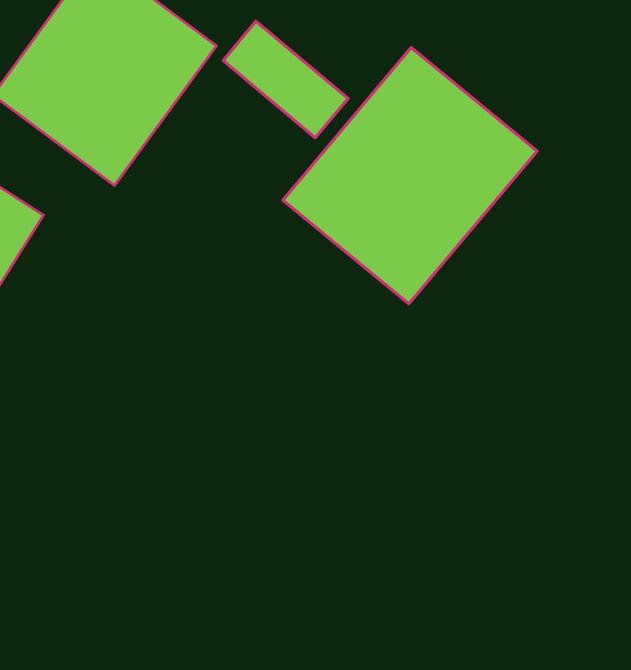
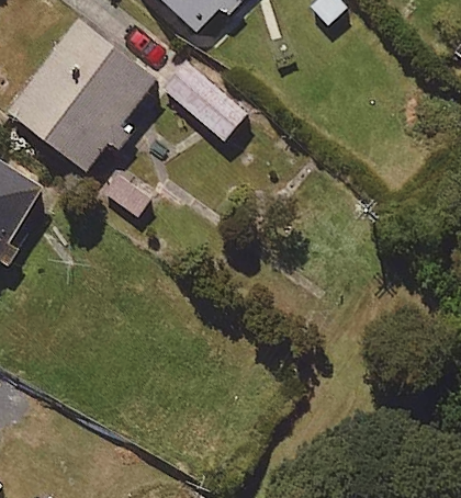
building: [283,47,537,304] -> none

